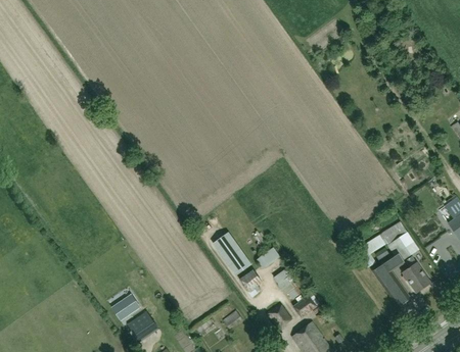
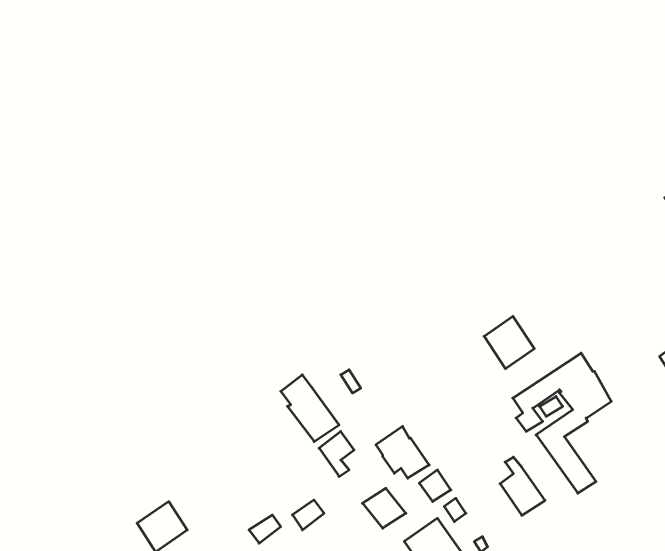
building: none -> [484,316,534,369]
building: [403,257,430,293] -> [500,457,545,515]
building: [112,292,142,318] -> none

